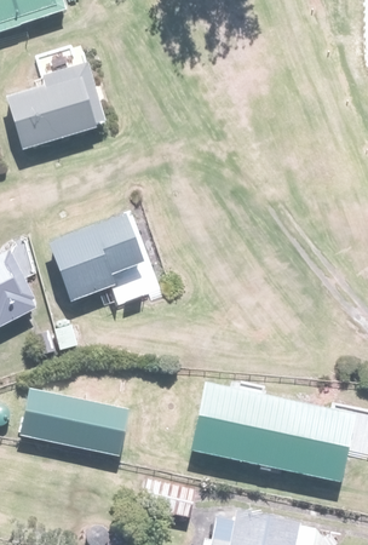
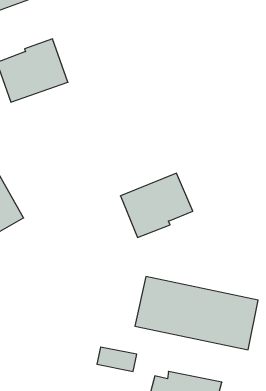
building: [50,211,146,297] -> [120,173,193,237]
building: [21,389,130,454] -> none

